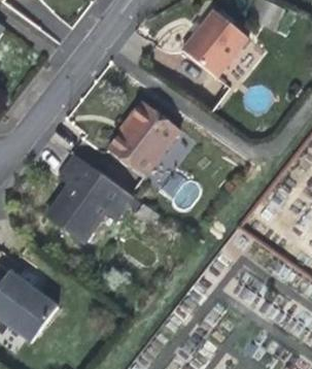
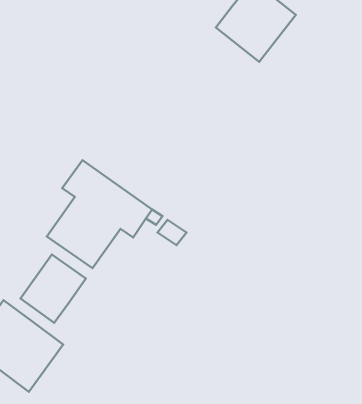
building: [108,101,179,176] -> none
building: none -> [20,255,86,323]

